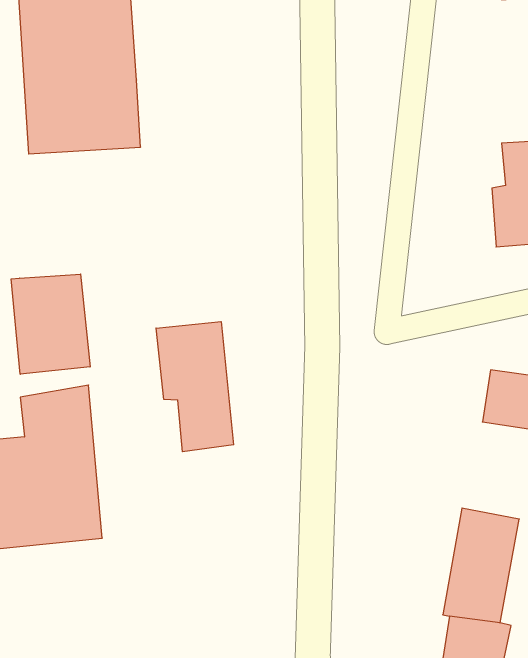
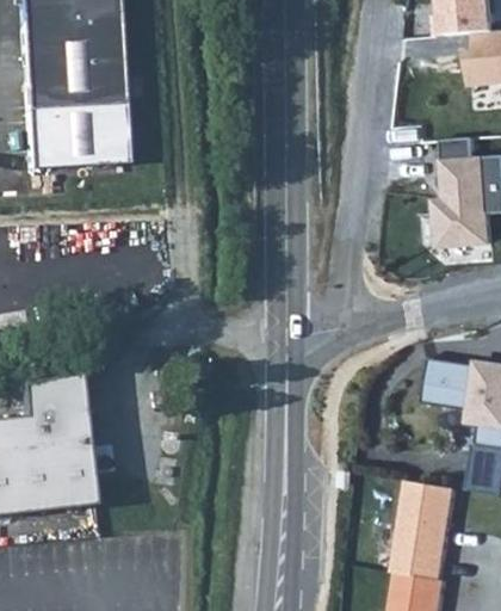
building: [11,274,90,374] -> none
building: [156,322,234,452] -> none

